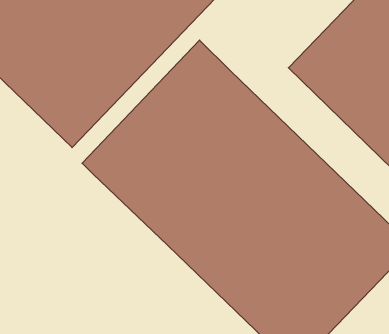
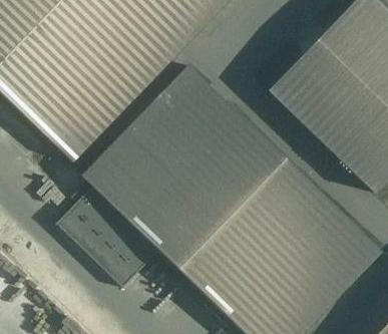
building: none -> [56,185,159,286]

